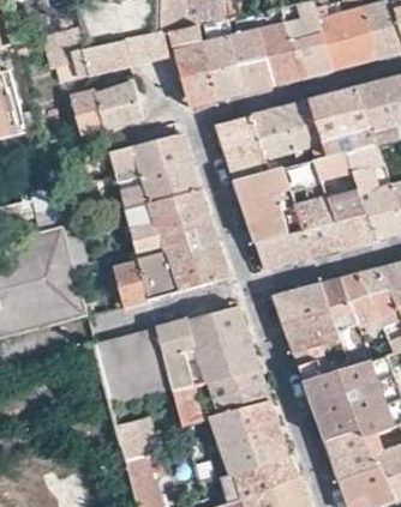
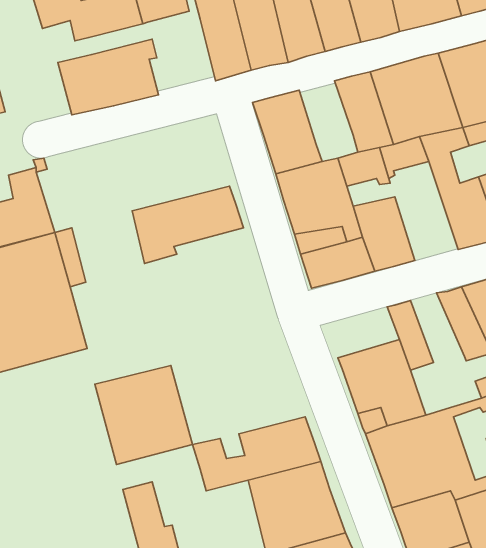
building: [253,108,295,157] -> none
building: [110,133,199,209] -> none
building: [328,188,377,247] -> none
building: [108,222,228,306] -> none
building: [340,272,382,327] -> none
building: [274,283,331,322] -> none
building: [154,307,258,390] -> none

